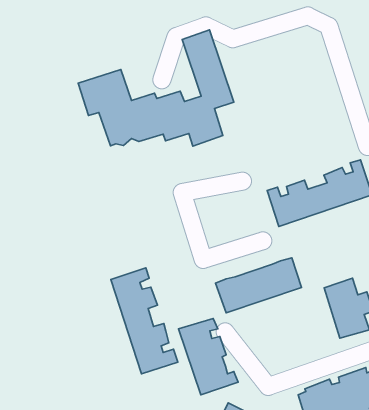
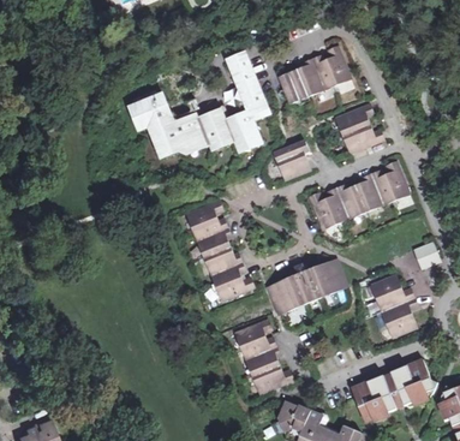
building: none -> [279,46,352,105]
building: none -> [336,103,386,154]
building: none -> [275,141,311,180]
building: [111,268,178,374] -> [187,201,256,302]

